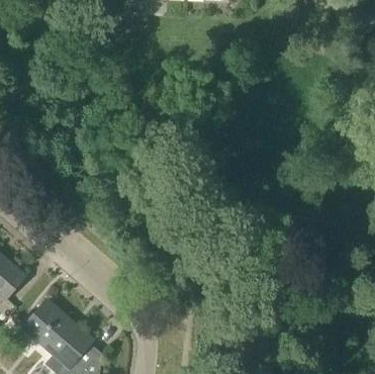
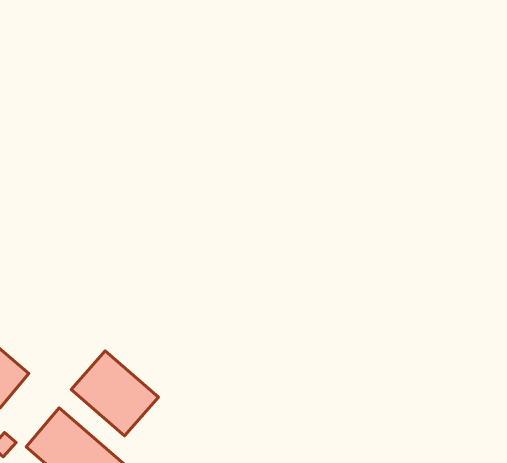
building: none -> [71,351,159,436]

